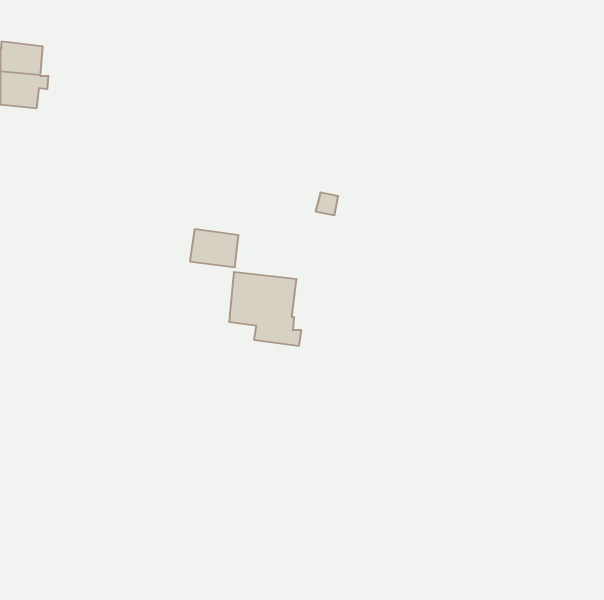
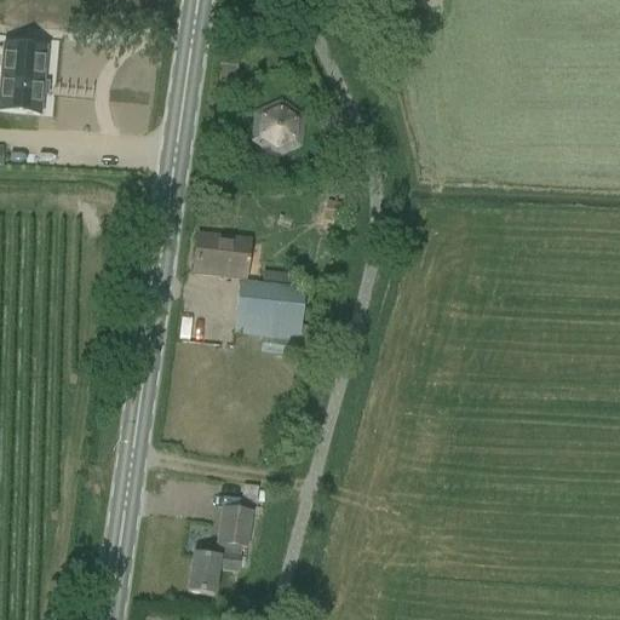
building: none -> [258,103,297,145]
building: none -> [189,504,252,591]

